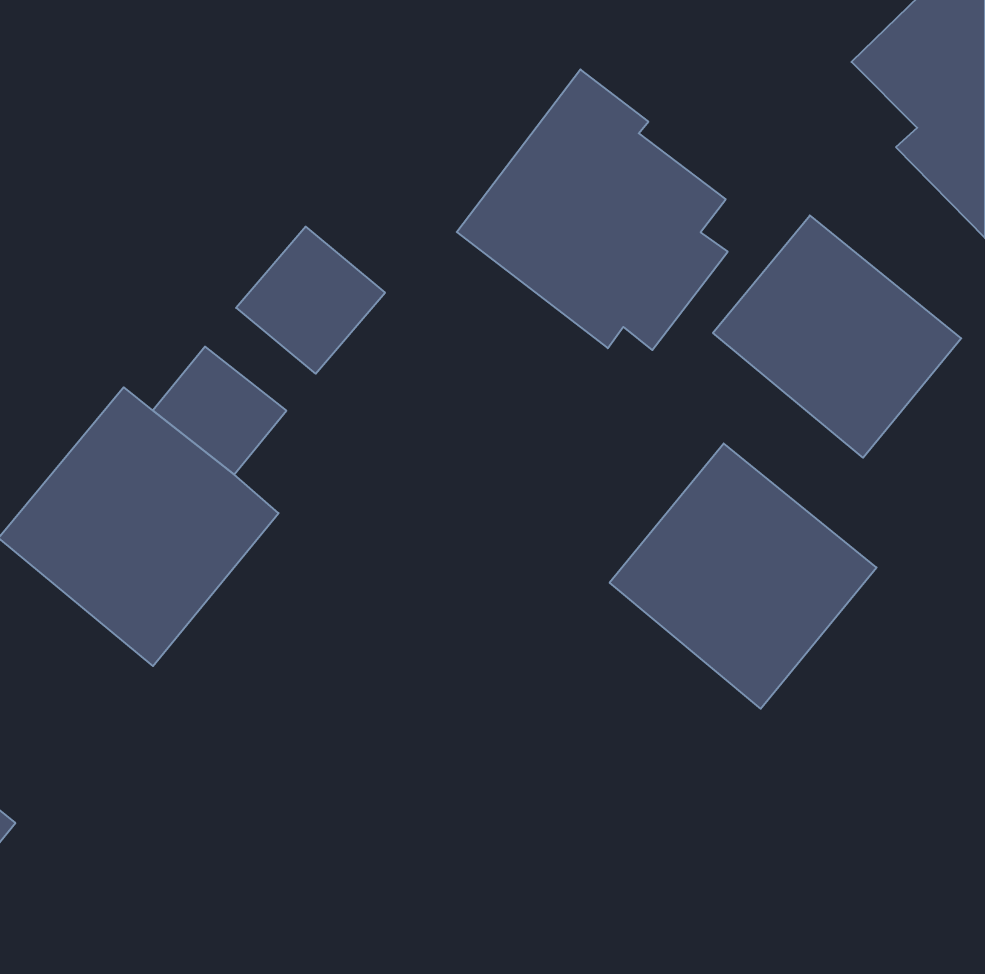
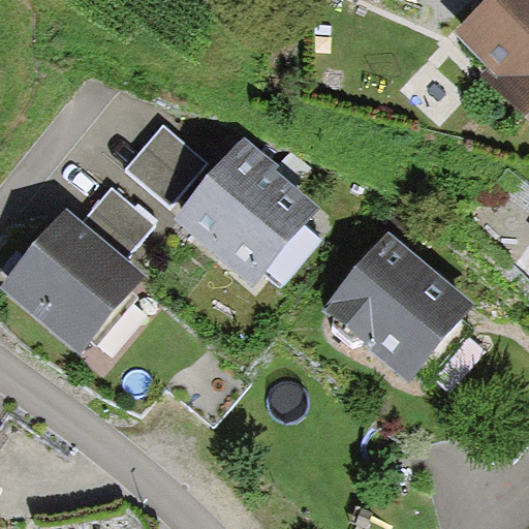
building: [457,69,728,350] -> [177,137,321,287]
building: [713,215,961,458] -> none

